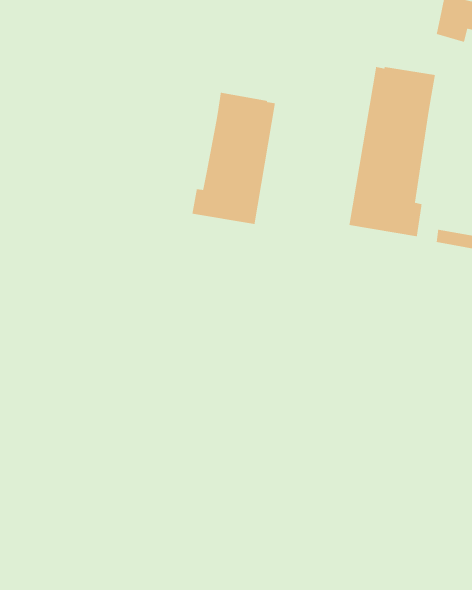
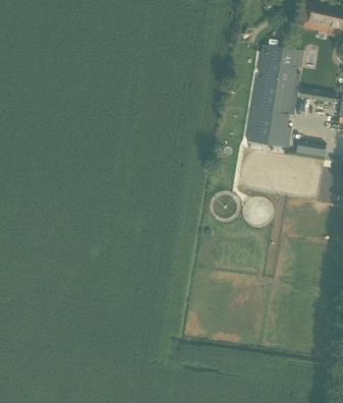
building: [191,92,276,225] -> none

